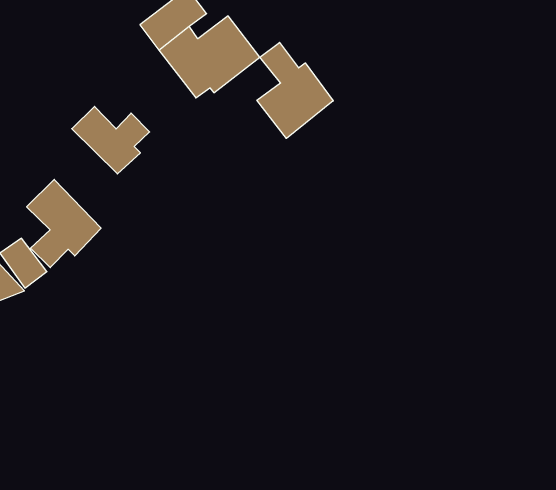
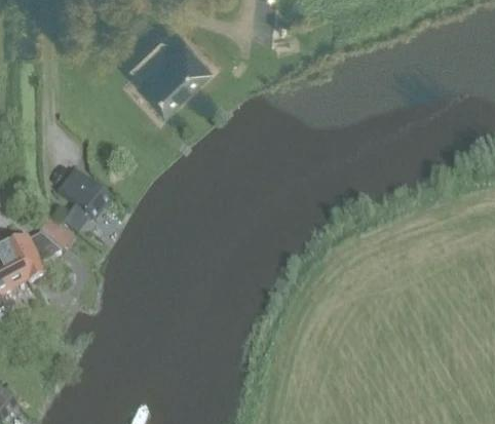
building: [257,42,333,138] -> none
building: [72,106,150,174] -> none

